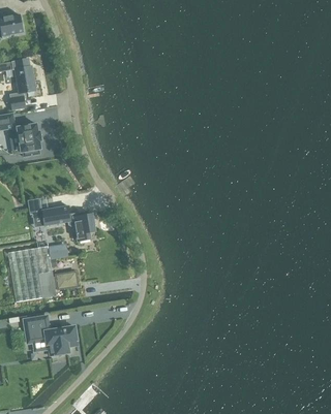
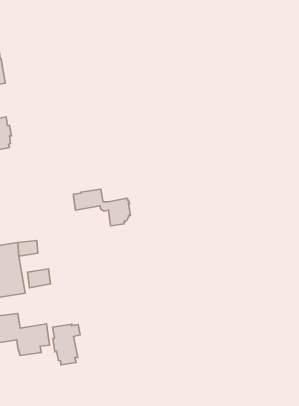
building: [41,204,97,241] -> [74,189,131,226]
building: none -> [52,324,80,365]

